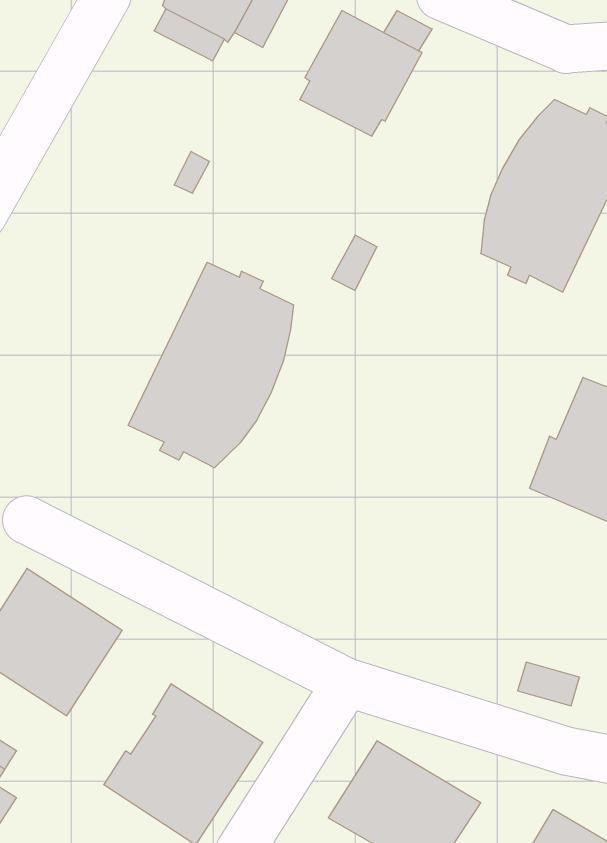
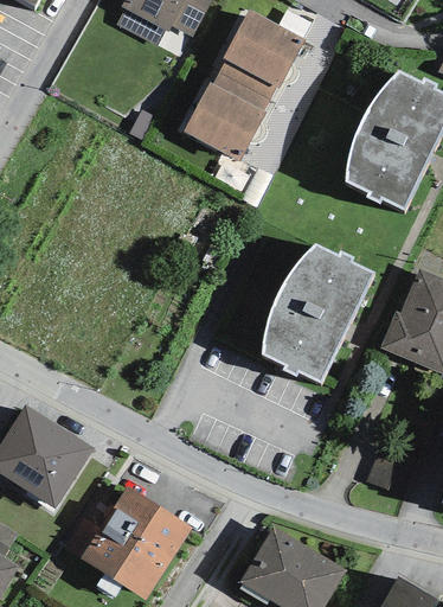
building: none -> [182,72,269,161]
building: [128,262,293,468] -> none
building: none -> [263,245,373,381]

